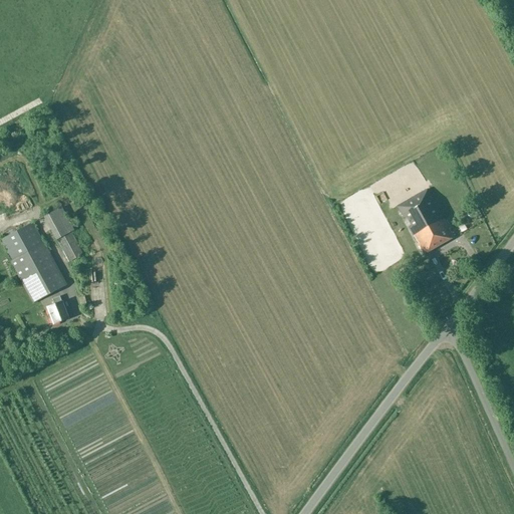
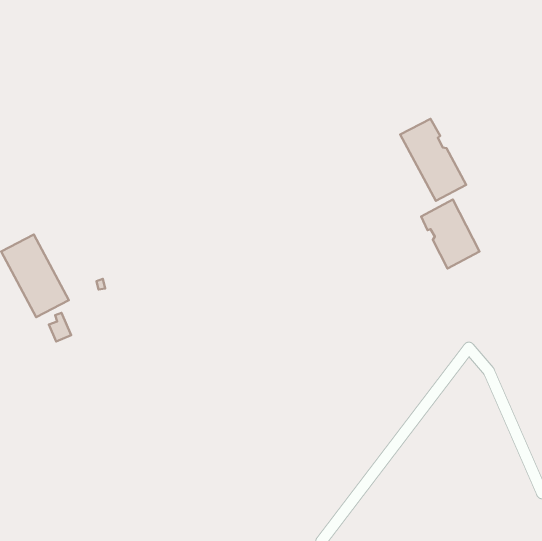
building: none -> [400,119,466,201]
building: [44,207,81,260] -> none

